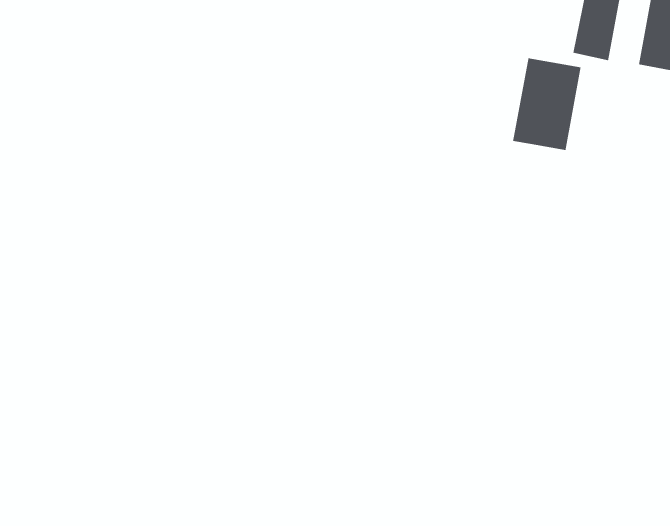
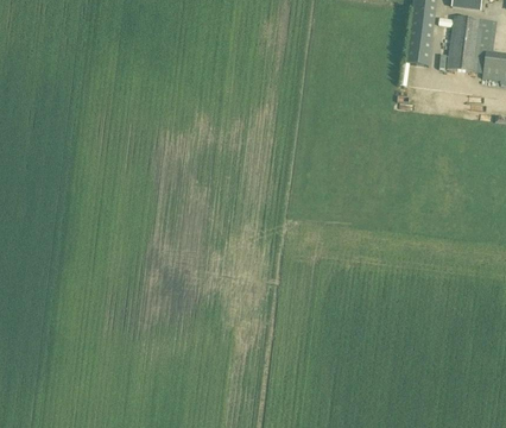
building: [513,58,581,151] -> none

